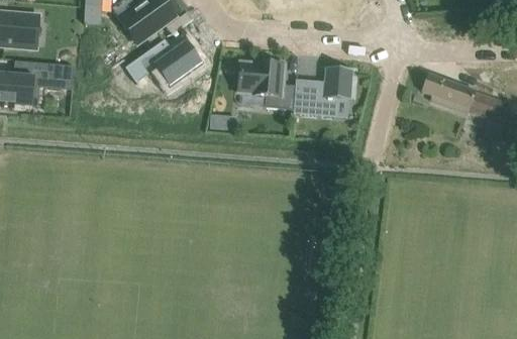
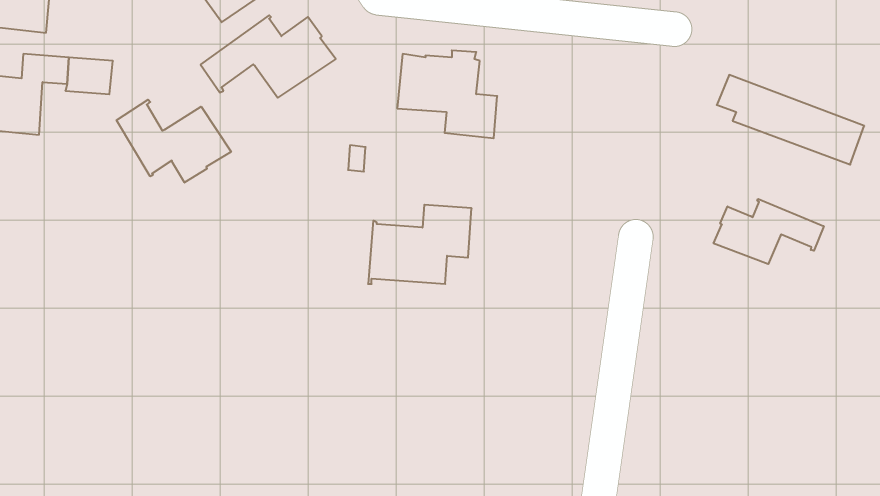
building: [293,68,352,113] -> [368,205,472,284]
building: none -> [117,100,231,183]
building: none -> [714,199,824,264]

